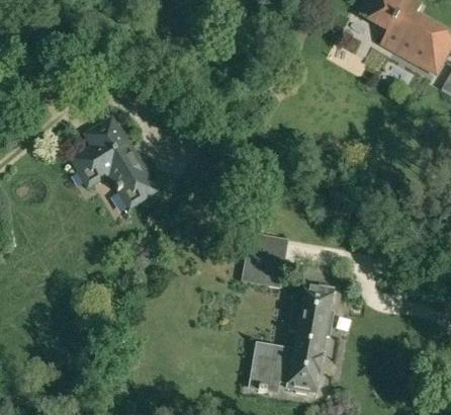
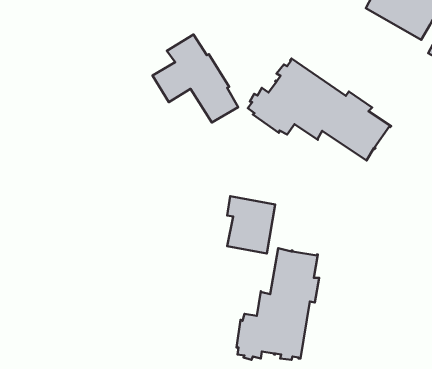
building: none -> [248,59,391,160]
building: [72,117,157,204] -> [153,35,238,122]

